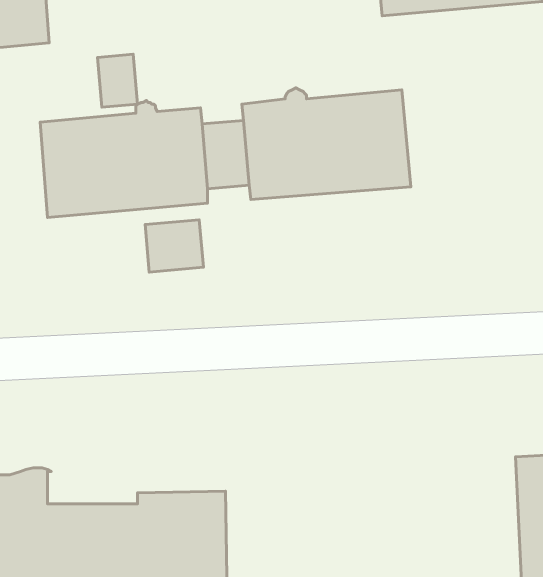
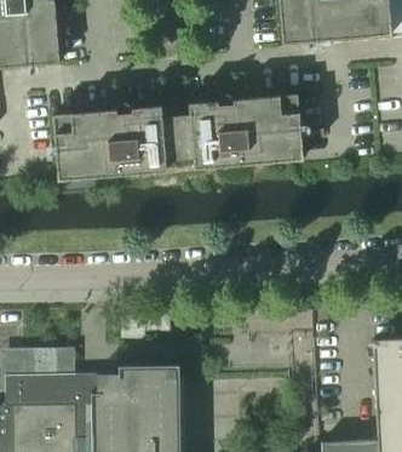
building: [97,54,137,107] -> none
building: [145,220,203,272] -> none

